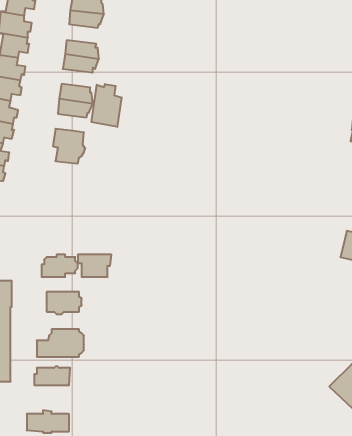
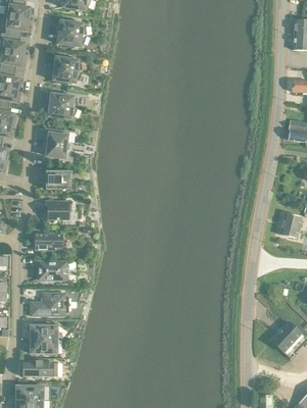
building: [92,84,122,127] -> none
building: none -> [46,170,72,189]
building: [78,255,111,277] -> [45,201,72,219]
building: none -> [29,339,57,354]

